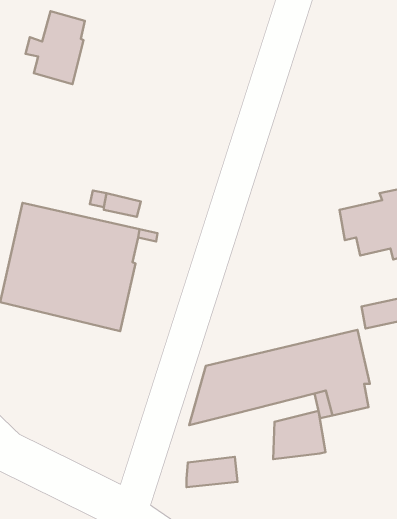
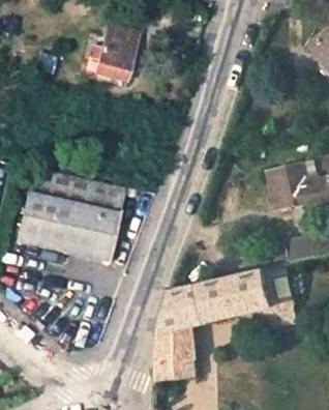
building: [26,11,85,84] -> [90,25,134,80]
building: [273,411,325,459] -> [159,325,199,361]

